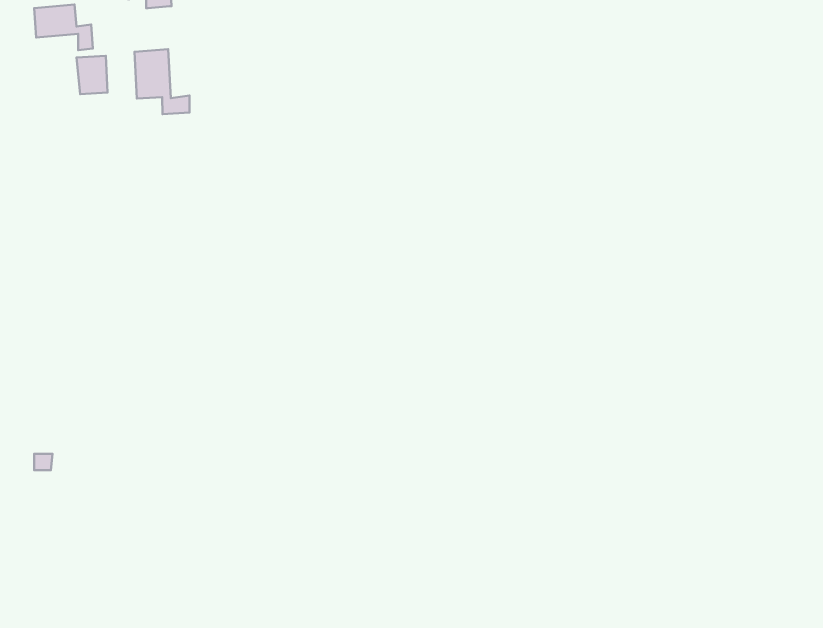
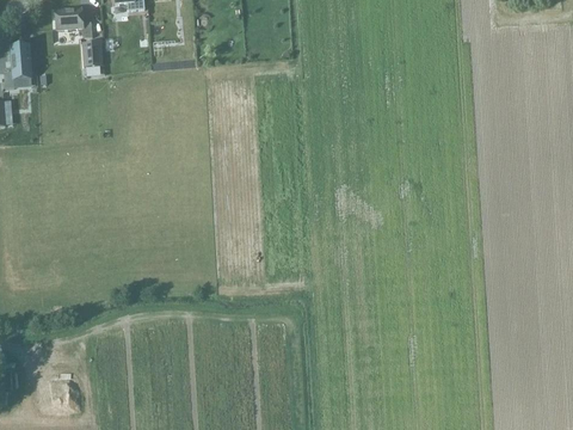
building: [135,49,190,114] -> none

